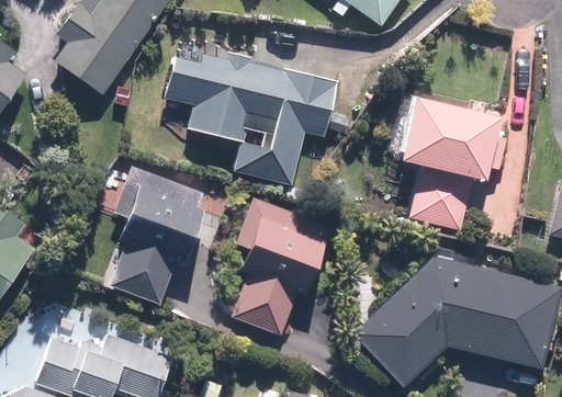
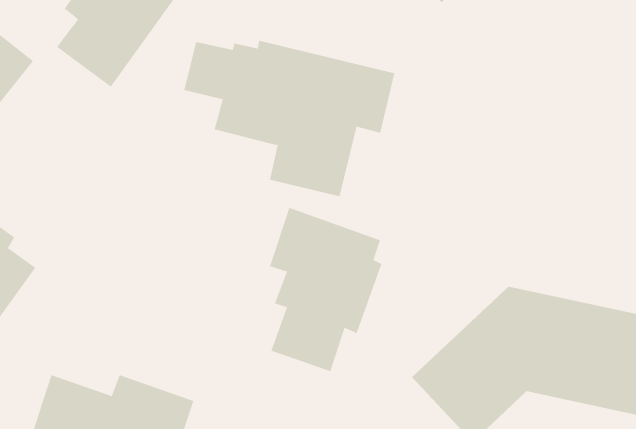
building: [395,98,495,232] -> none
building: [103,159,209,303] -> none

